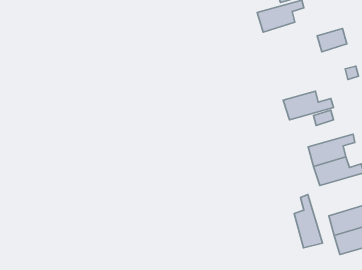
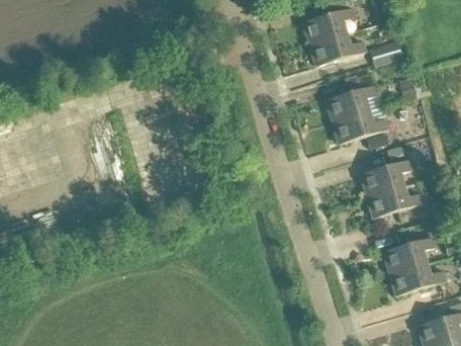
building: none -> [310,31,366,64]
building: none -> [327,71,379,119]
building: [294,195,323,248] -> none

